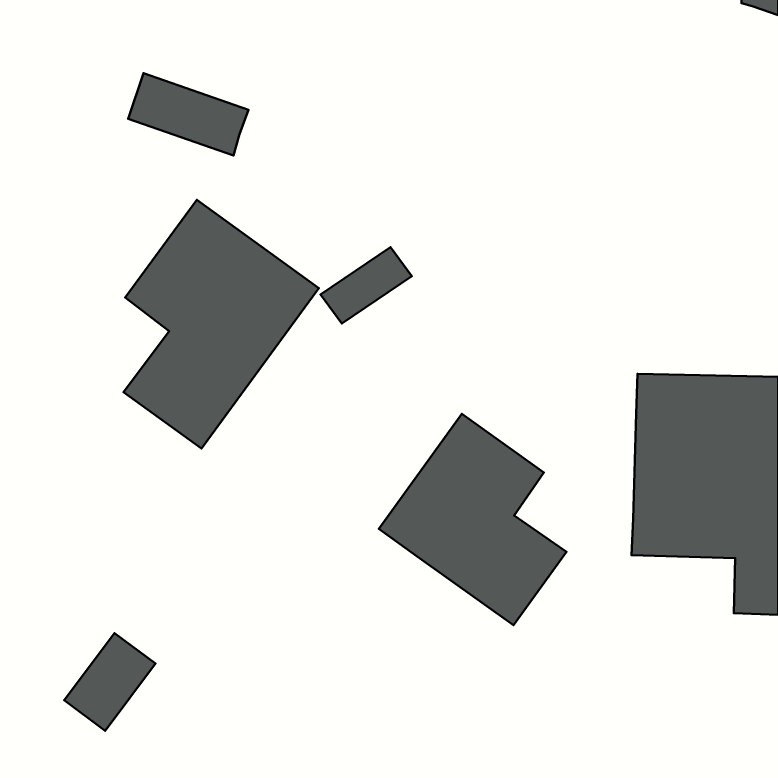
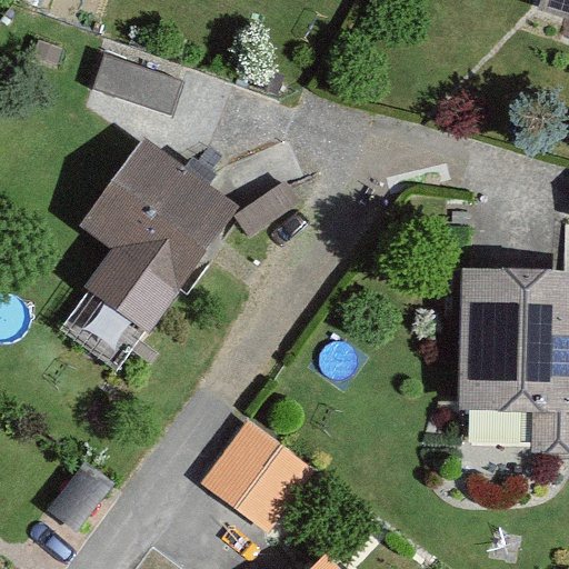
building: [379,414,566,625] -> none
building: none -> [204,426,310,531]

